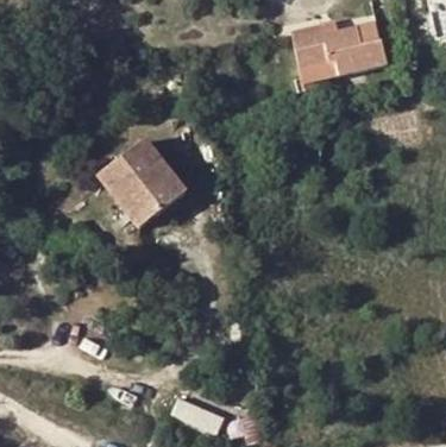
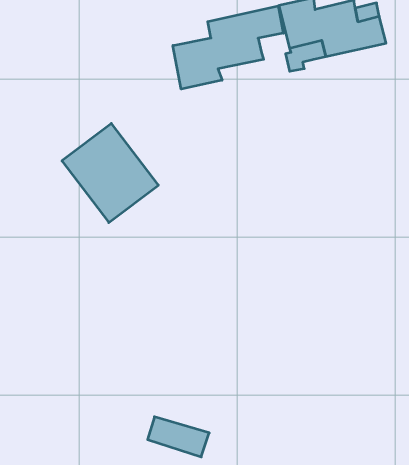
building: none -> [173,6,283,89]

